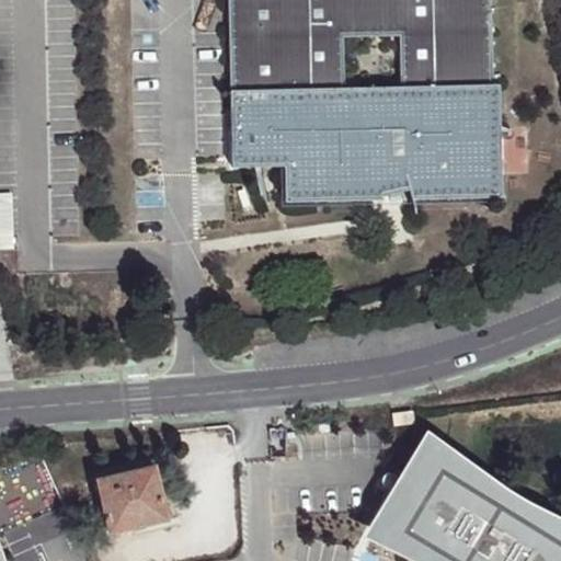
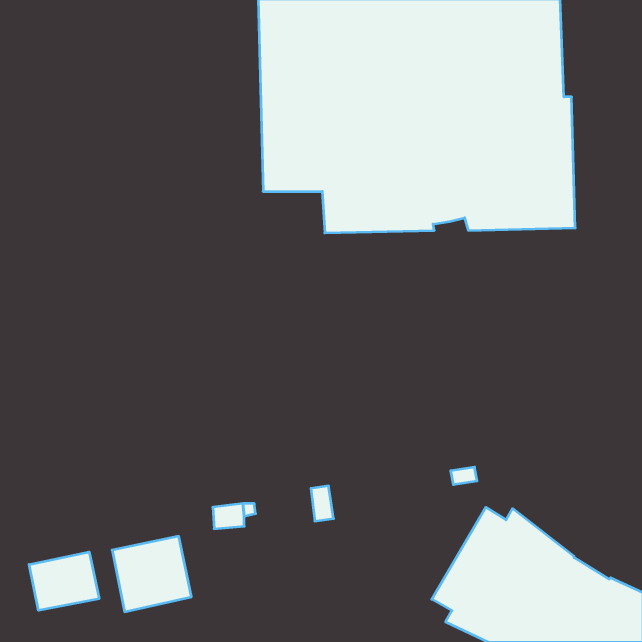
building: none -> [29,552,99,610]

